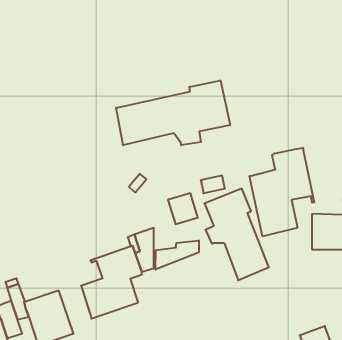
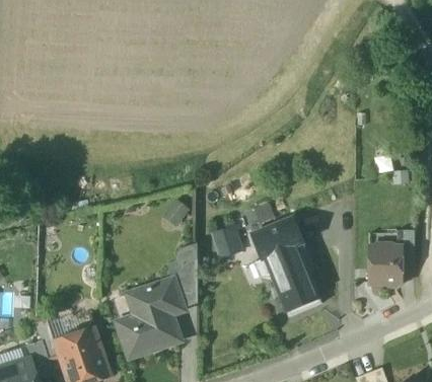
building: [116,80,230,145] -> none
building: [249,148,314,236] -> none
building: [156,240,199,270] -> none

